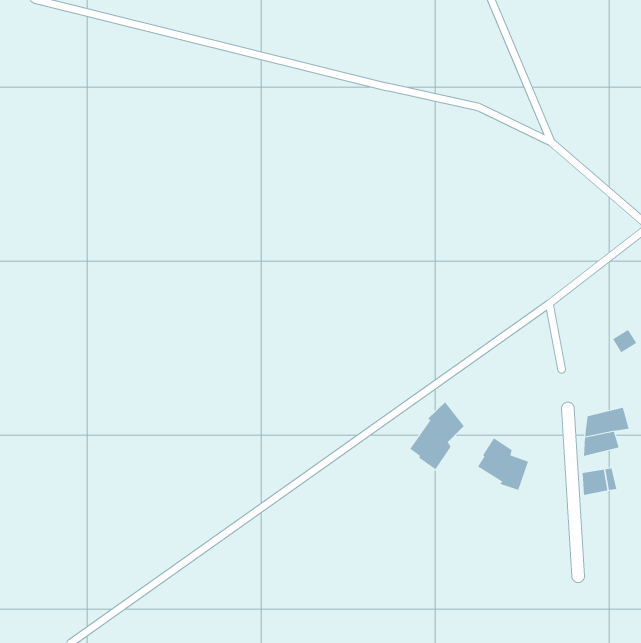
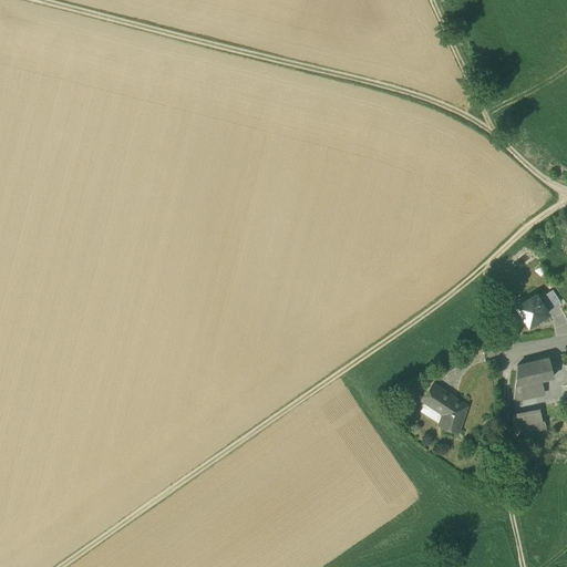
building: none -> [522,293,550,326]
building: [410,402,465,470] -> none

